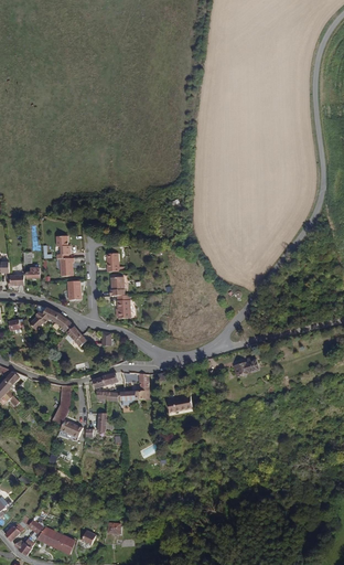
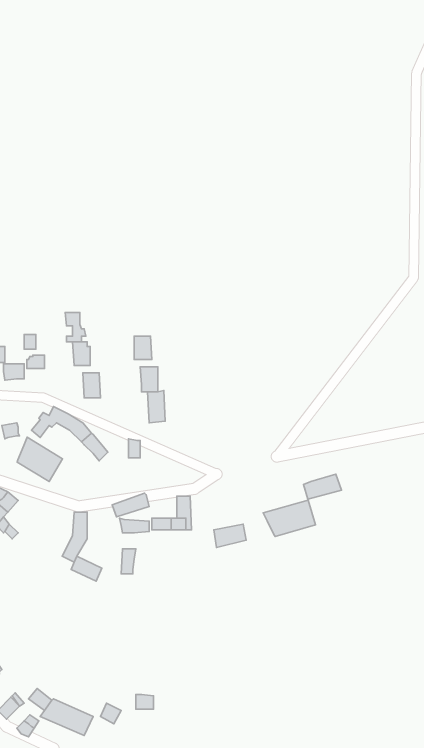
building: none -> [17,437,63,482]
building: none -> [263,500,316,537]

